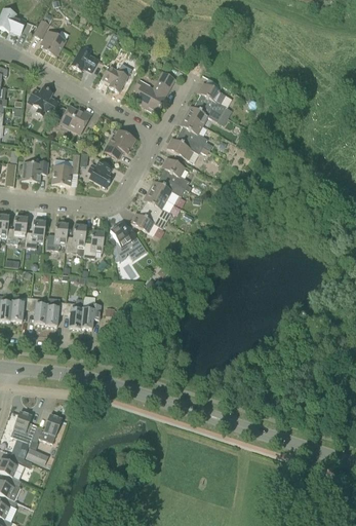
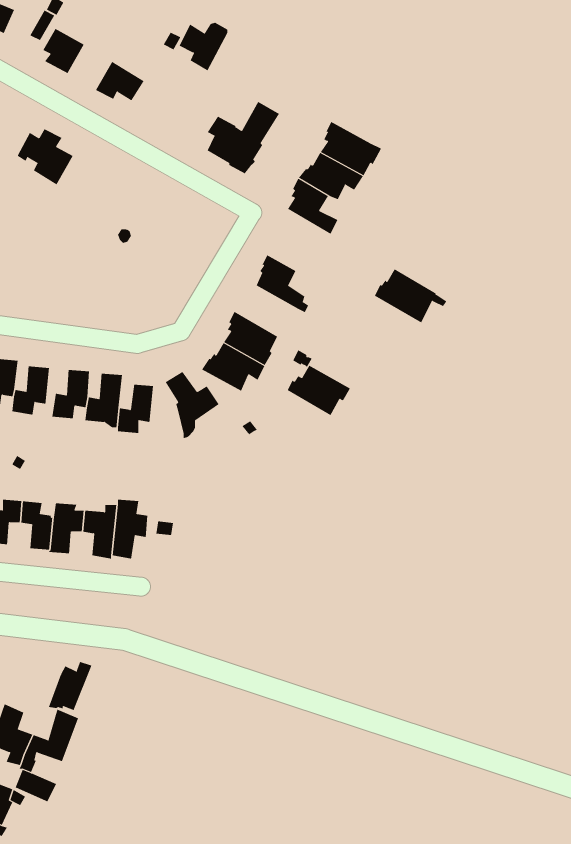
building: [103,64,130,91] -> [179,22,228,71]
building: [56,105,90,134] -> none
building: [104,129,134,157] -> none
building: [167,132,208,162] -> [374,269,447,323]
building: [51,153,79,185] -> none
building: [88,159,112,187] -> none
building: [22,160,48,182] -> none
building: [149,175,185,203] -> [287,365,351,416]
building: none -> [48,661,92,711]

